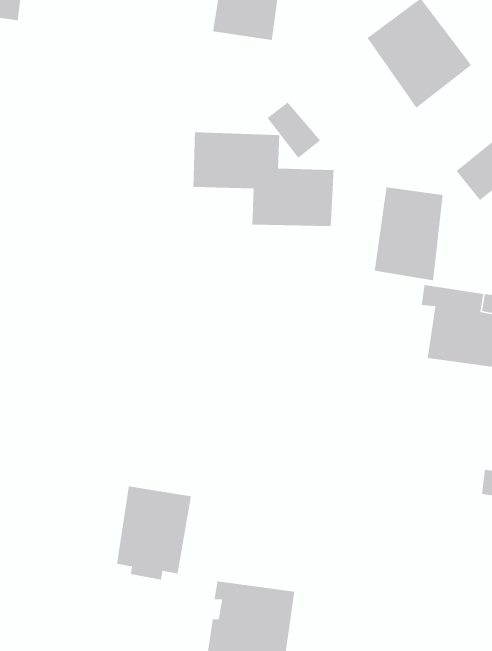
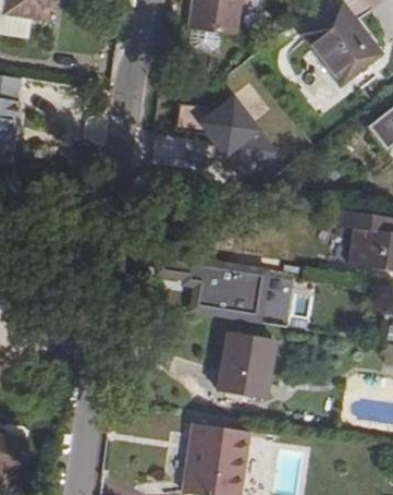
building: [374,187,443,281] -> none
building: none -> [183,271,294,313]
building: [116,485,192,581] -> [226,333,281,401]

